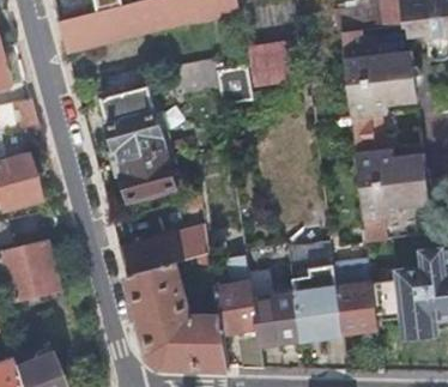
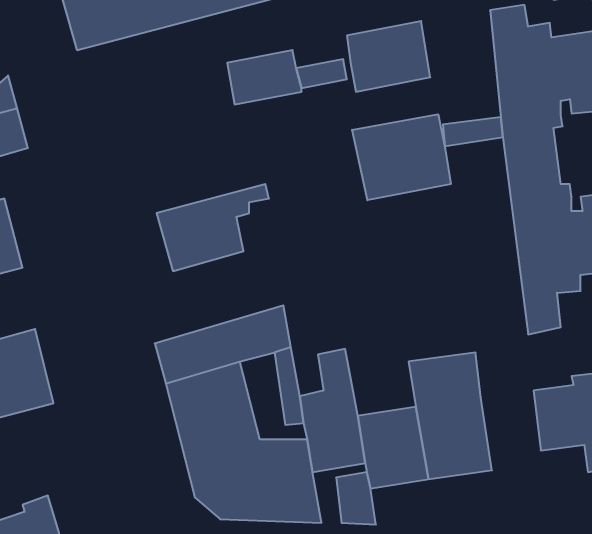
building: [104,86,194,164] -> none
building: none -> [352,114,451,200]
building: [334,259,377,334] -> none

